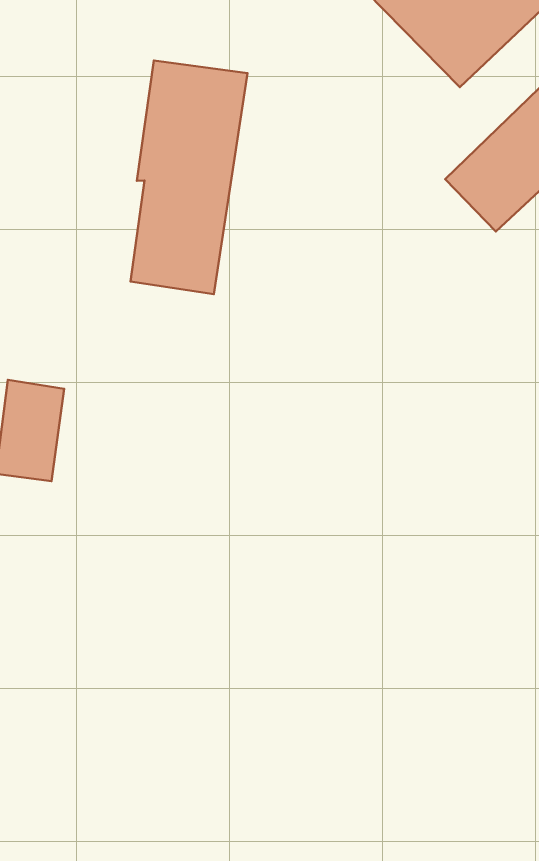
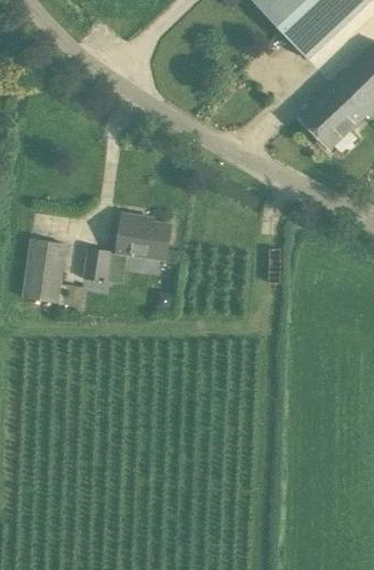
building: [131,61,247,294] -> none
building: none -> [82,214,169,281]

